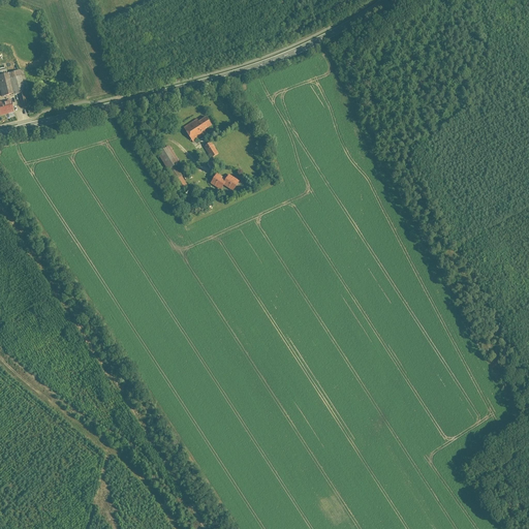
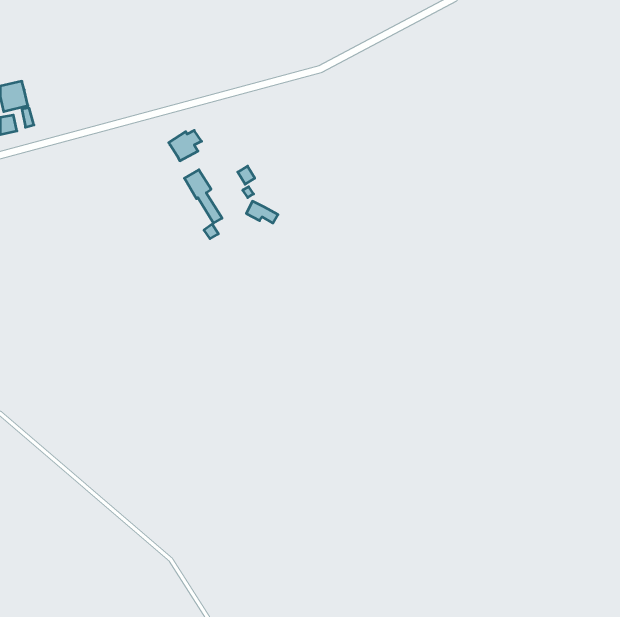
building: [183,117,211,143] -> [169,130,202,161]

